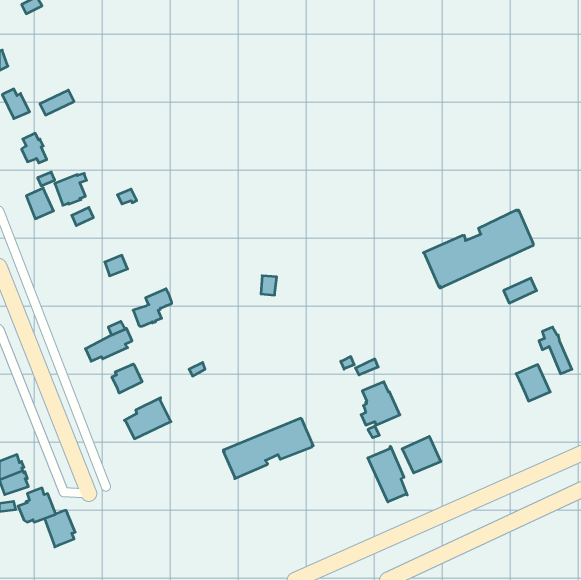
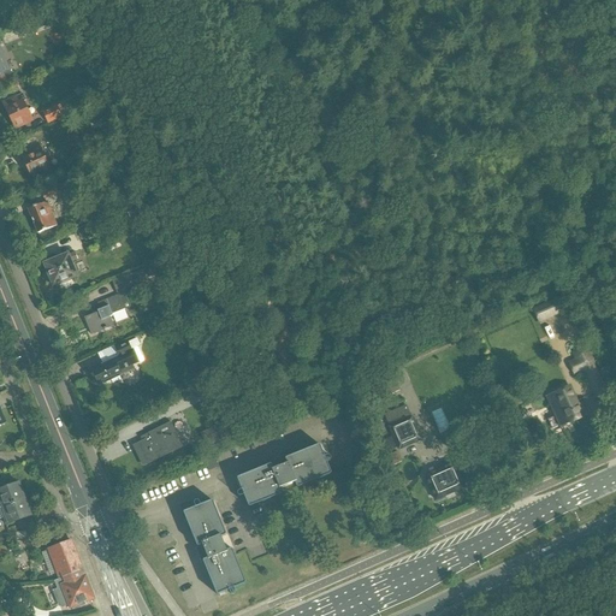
building: [55,173,87,205] -> [43,250,77,284]
building: [423,210,533,288] -> none
building: [133,289,172,326] -> [83,292,124,332]
building: [112,364,142,393] -> none
building: [368,446,407,502] -> none
building: none -> [183,498,245,592]
building: [18,488,56,522] -> [53,569,93,605]

